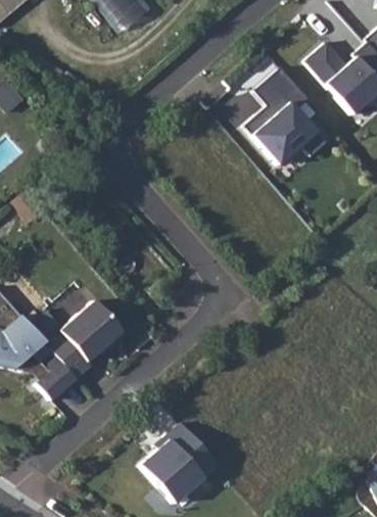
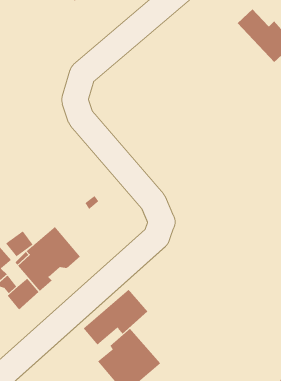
building: [246,66,317,160] -> none
building: none -> [83,289,148,346]

